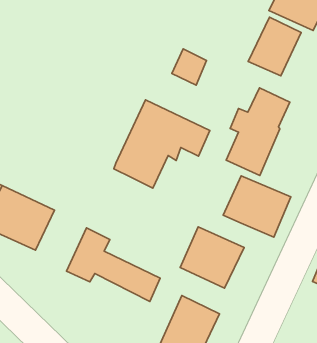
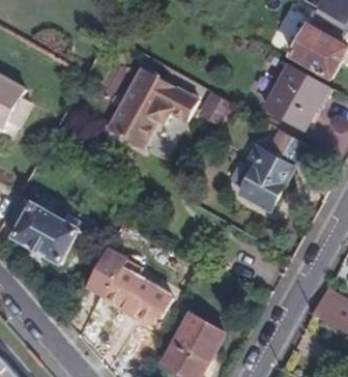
building: [114,100,210,188] -> [108,68,199,150]
building: [223,176,291,237] -> none
building: [180,227,244,288] -> none

